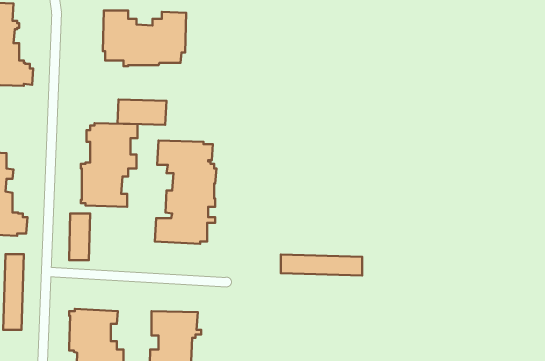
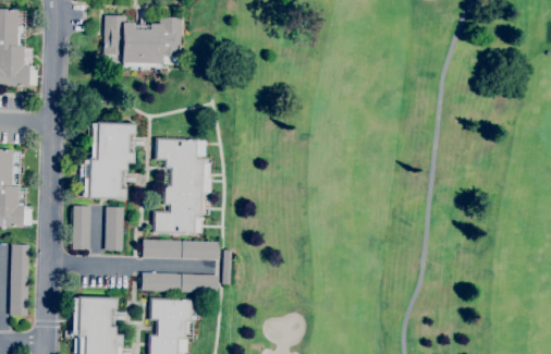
building: [117,99,166,125] -> none
building: none -> [105,206,124,251]
building: [281,255,362,275] -> [143,240,219,259]
building: none -> [142,272,219,293]

